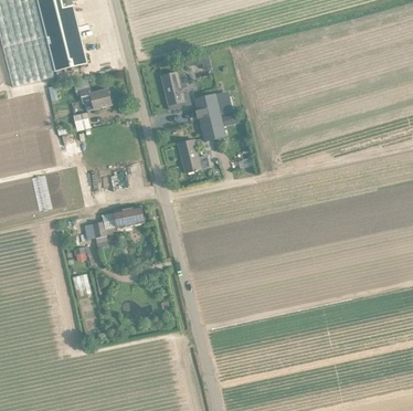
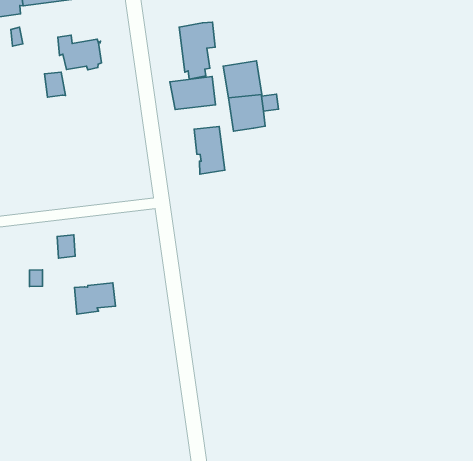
building: none -> [170,76,216,110]
building: [114,205,142,229] -> [74,283,115,314]

